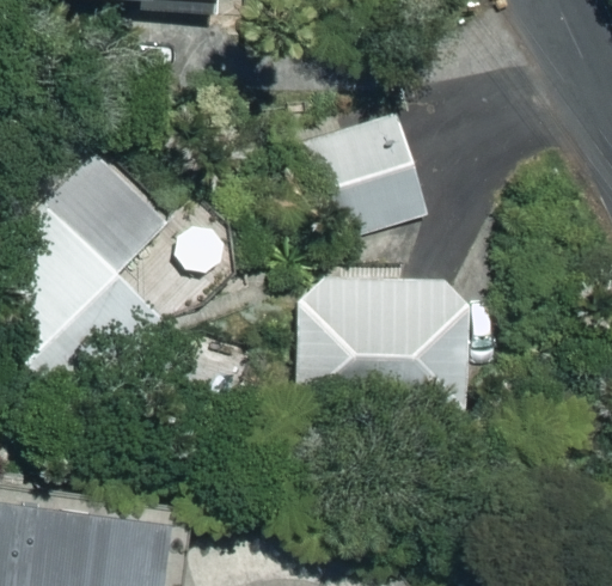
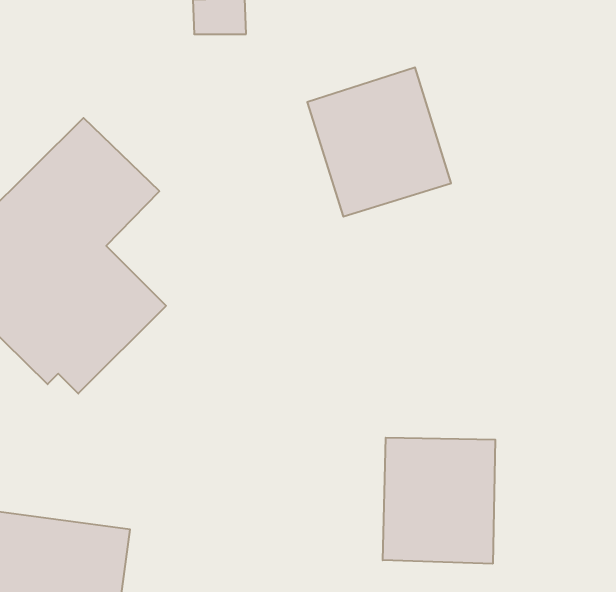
building: [300,273,460,404] -> none
building: none -> [383,438,495,564]

